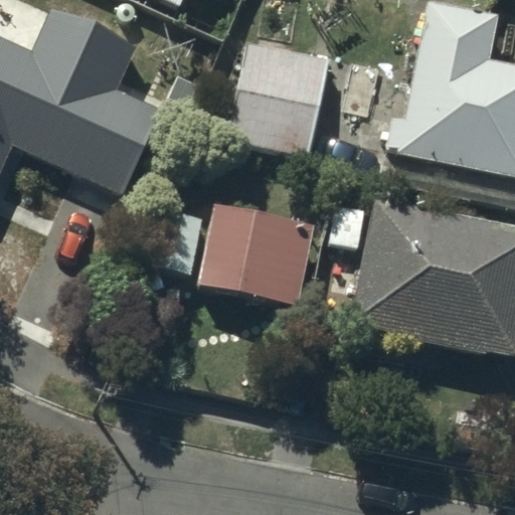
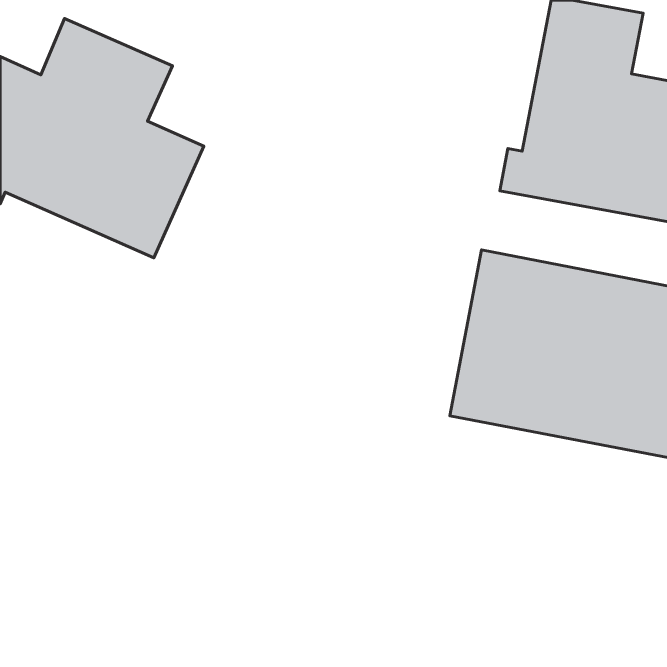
building: [228,44,328,154] -> none
building: [198,201,314,302] -> none

